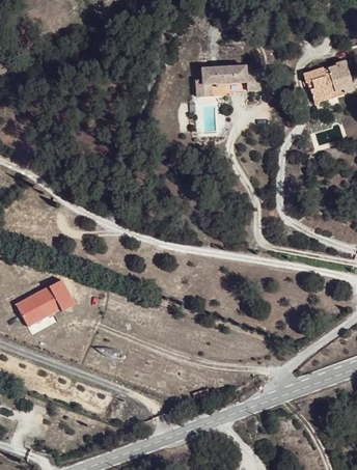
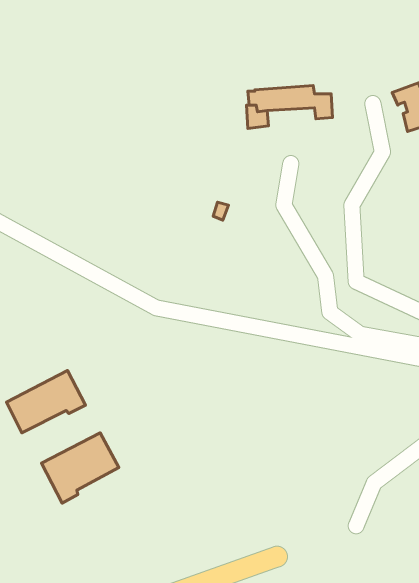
building: none -> [41,433,119,503]

